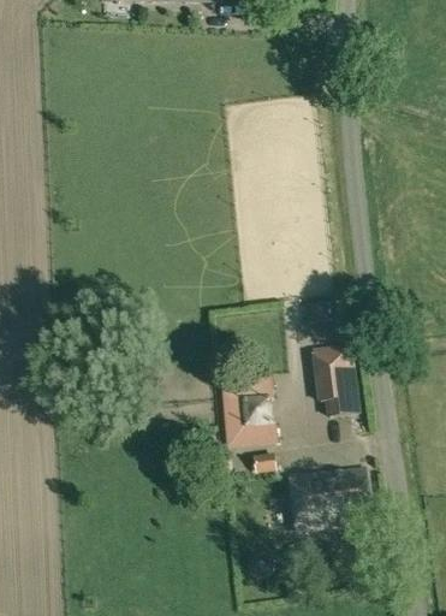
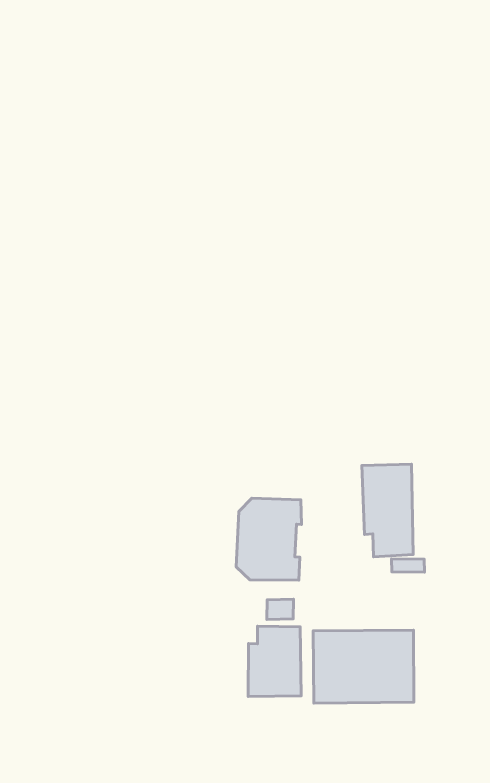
building: none -> [248,626,301,696]

